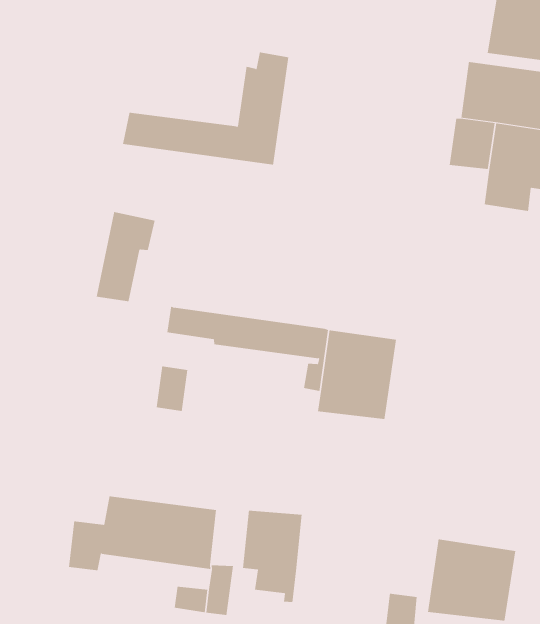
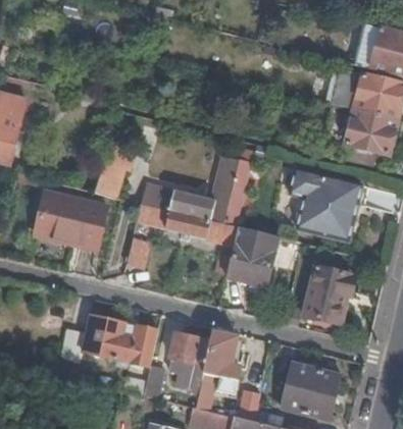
building: [122,52,289,165] -> [143,154,252,225]
building: none -> [290,168,362,239]
building: none -> [46,197,102,242]
building: none -> [305,266,351,322]
building: none -> [203,330,240,379]

